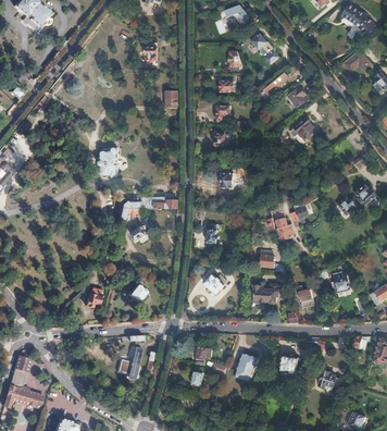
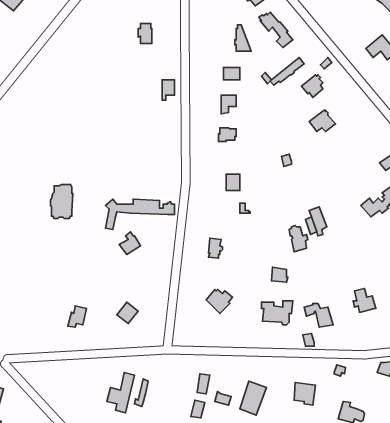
building: [97,147,116,176] -> [50,185,73,219]

